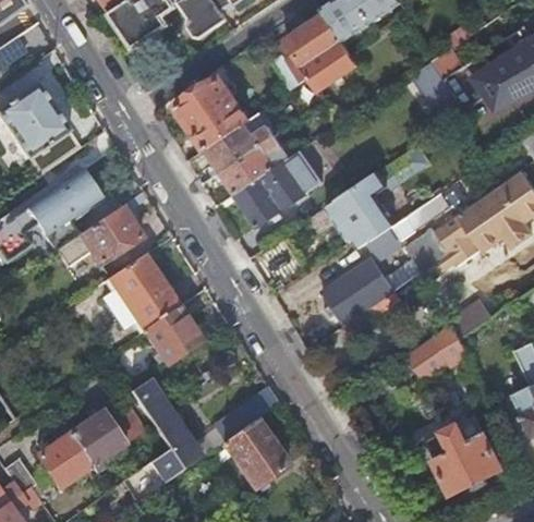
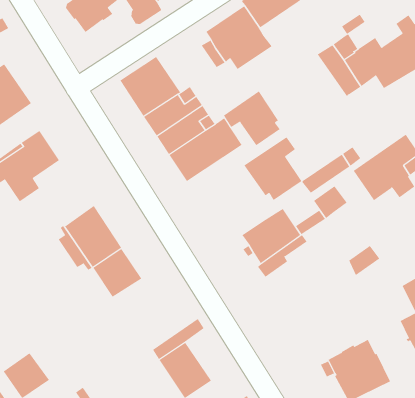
building: none -> [223,91,280,146]
building: [56,205,142,266] -> none
building: [434,213,481,269] -> none
building: [408,323,470,378] -> none
building: [130,378,202,482] -> none
building: [68,402,144,464] -> none

